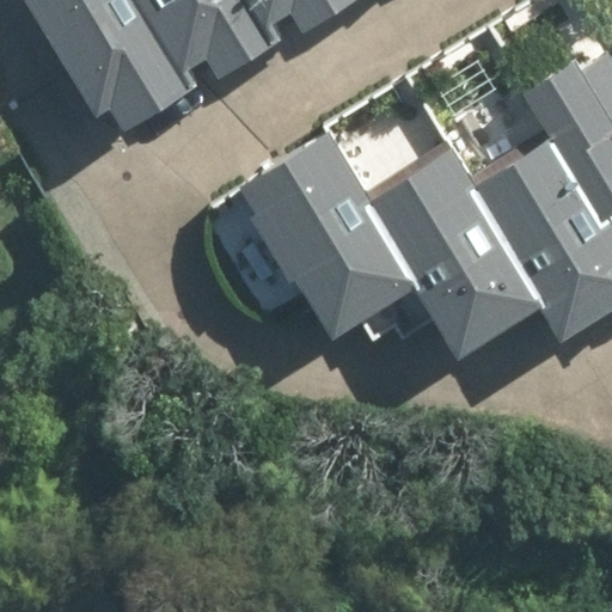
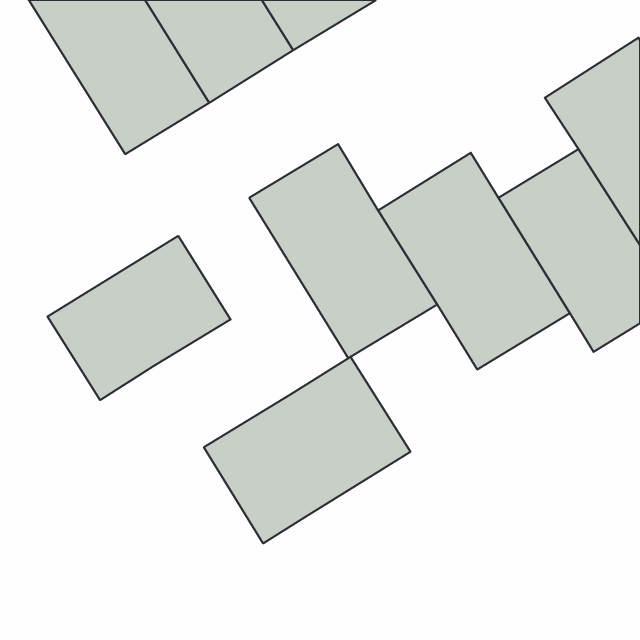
building: none -> [48,236,231,400]
building: none -> [204,357,410,543]

